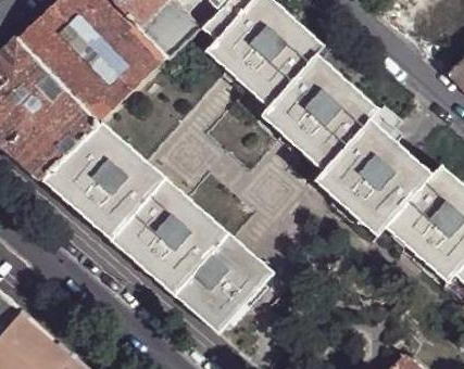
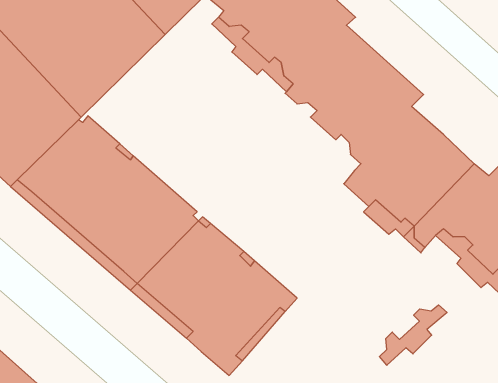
building: [260,106,327,169] -> none
building: none -> [379,305,447,365]

